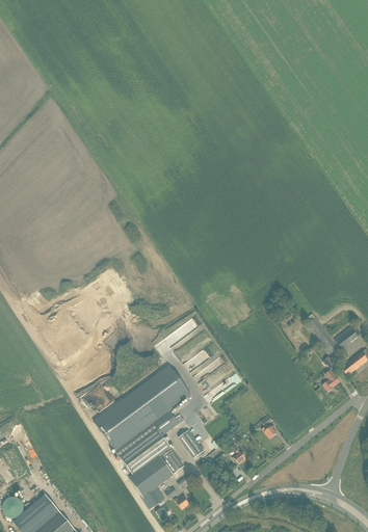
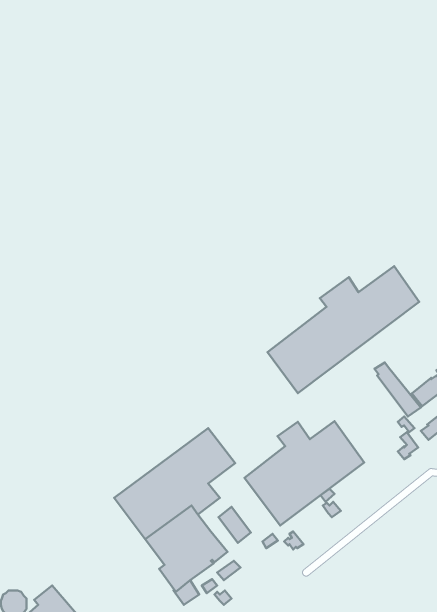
building: none -> [268,266,419,393]
building: none -> [245,421,364,526]

